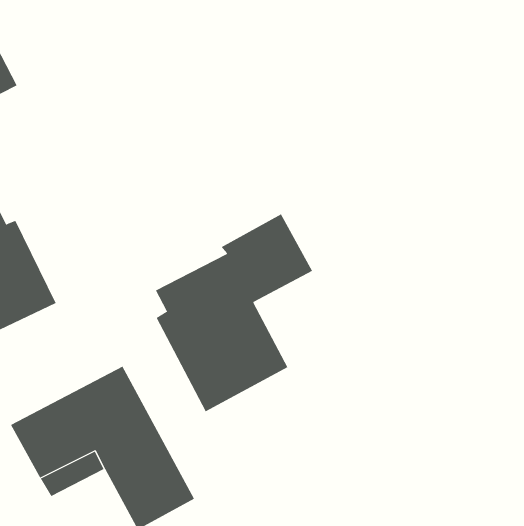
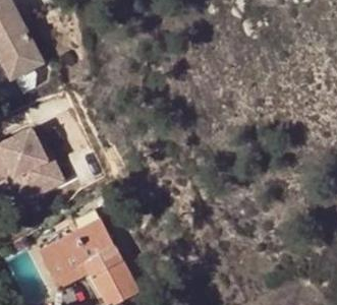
building: [155,213,313,412] -> none

